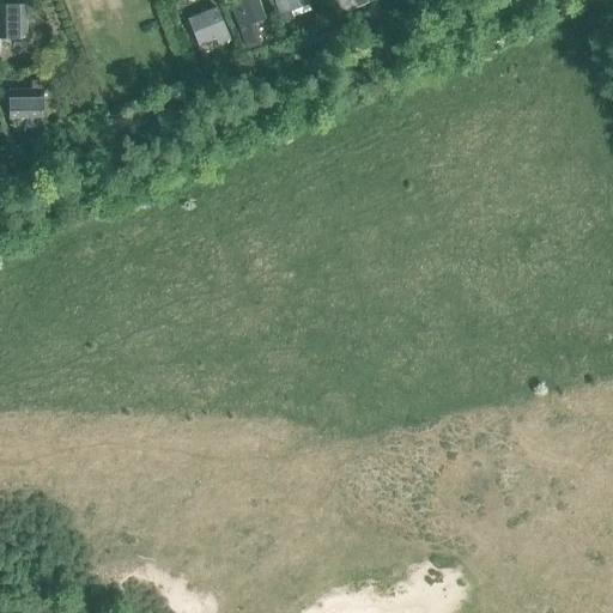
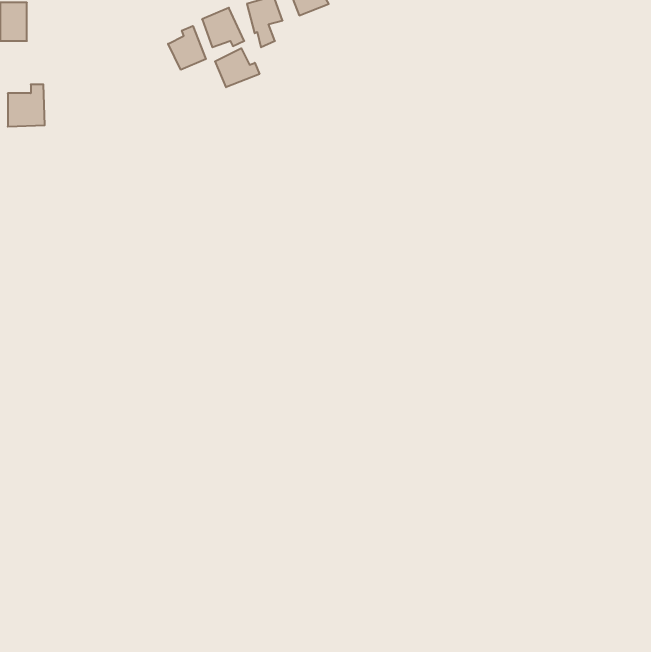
building: none -> [168,26,206,70]
building: none -> [215,48,259,87]

